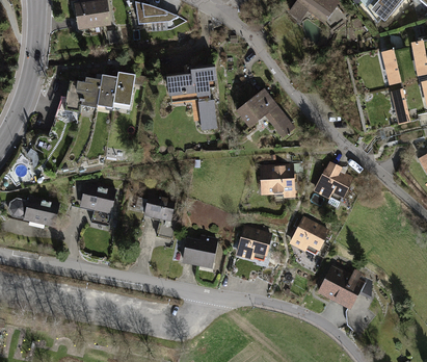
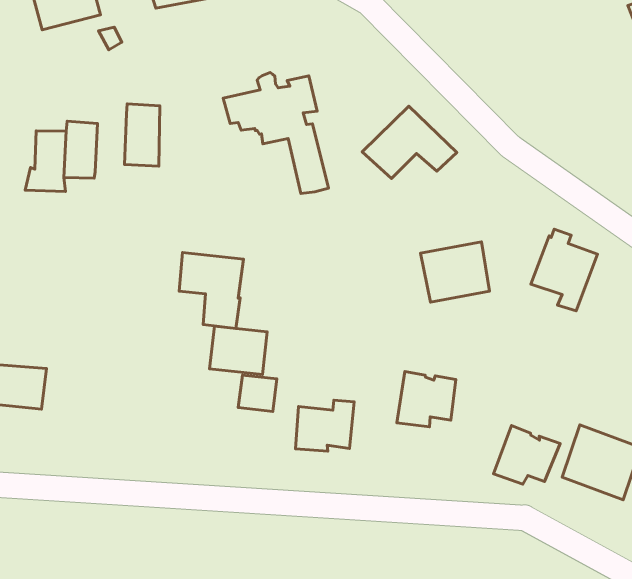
building: [97,74,116,107] -> none
building: [80,183,115,226] -> [179,253,244,328]
building: [291,217,327,249] -> [493,425,560,484]

